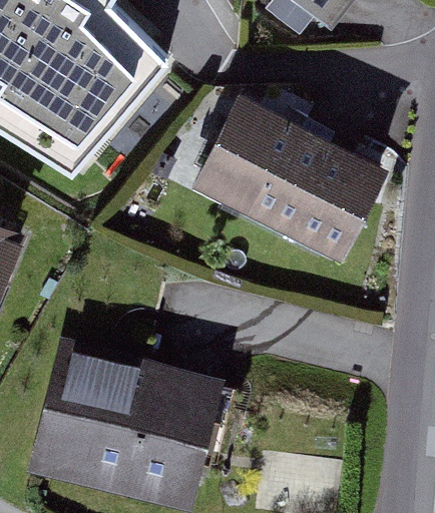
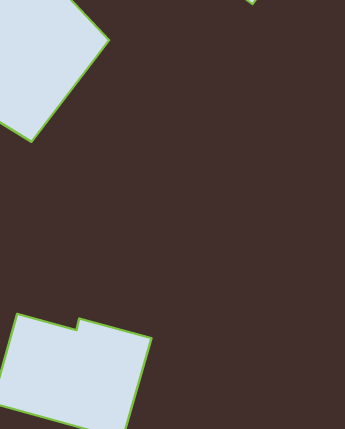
building: [200,111,373,254] -> none

